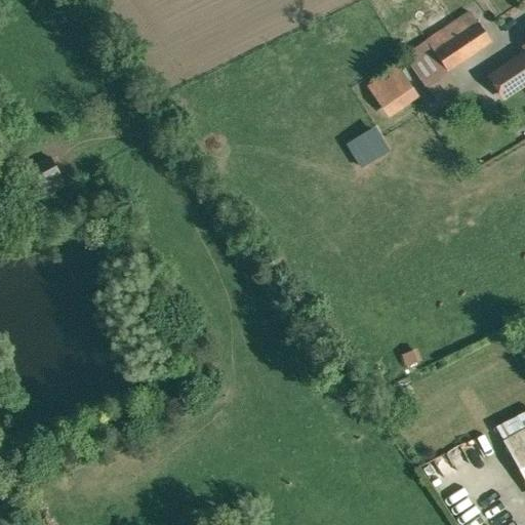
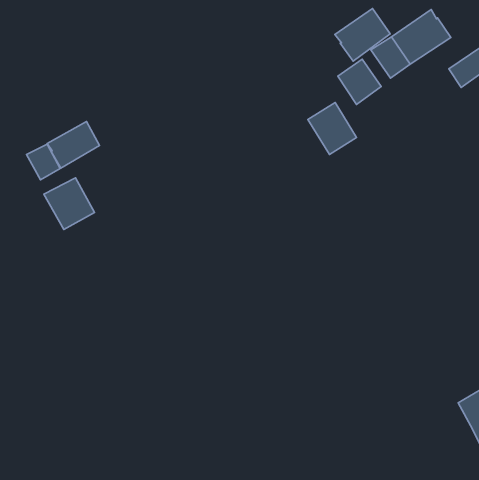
building: none -> [335,8,390,61]
building: none -> [47,122,100,168]
building: none -> [44,178,95,229]

